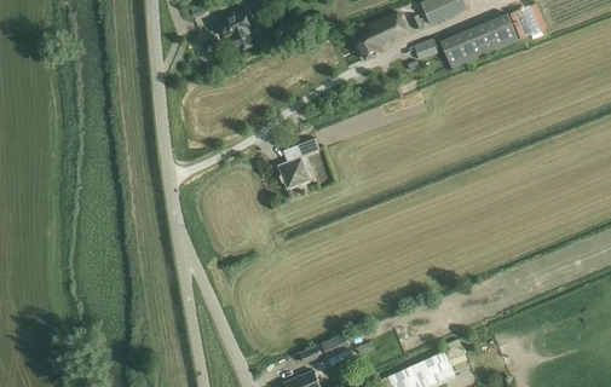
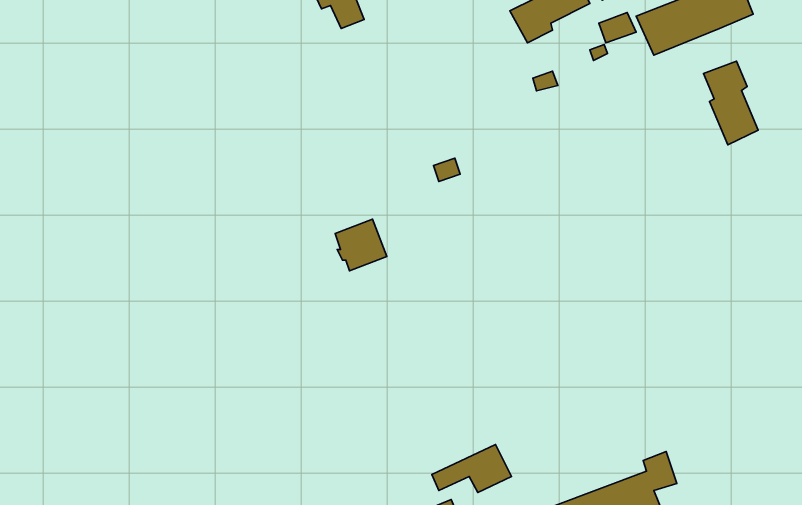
building: none -> [703,61,758,145]
building: [277,155,312,190] -> [335,219,387,271]

